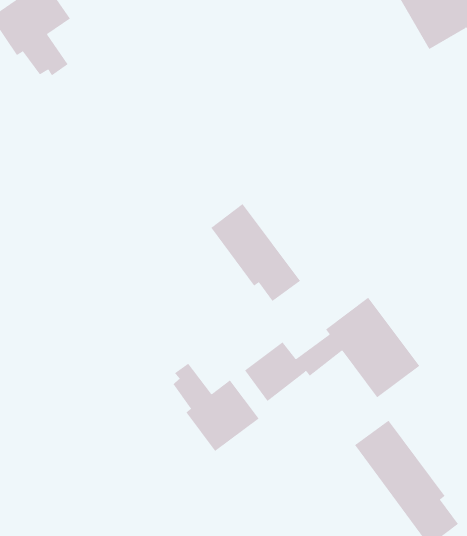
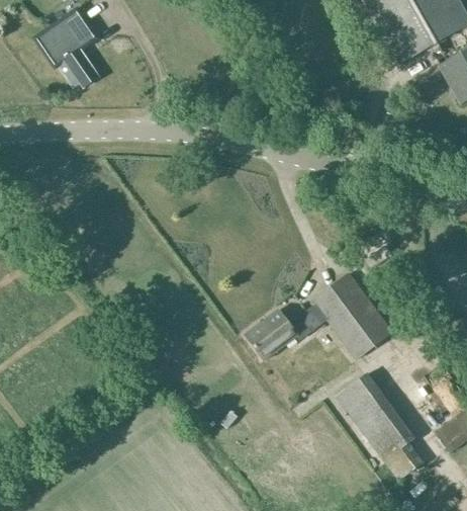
building: [211,203,301,302] -> none
building: [173,363,259,452] -> none

